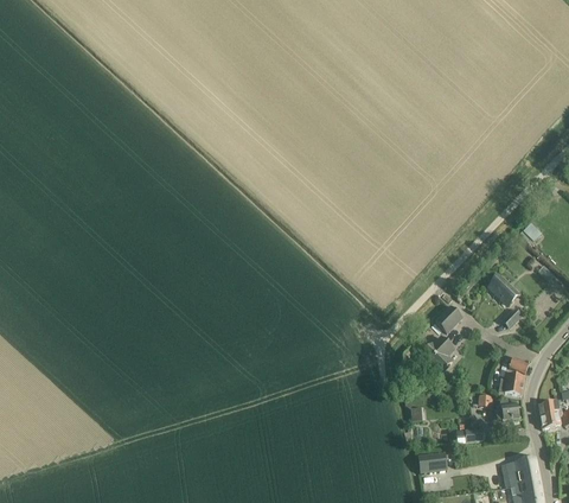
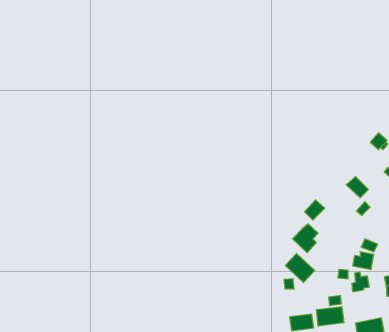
building: none -> [285,254,315,283]
building: none -> [316,306,344,326]

